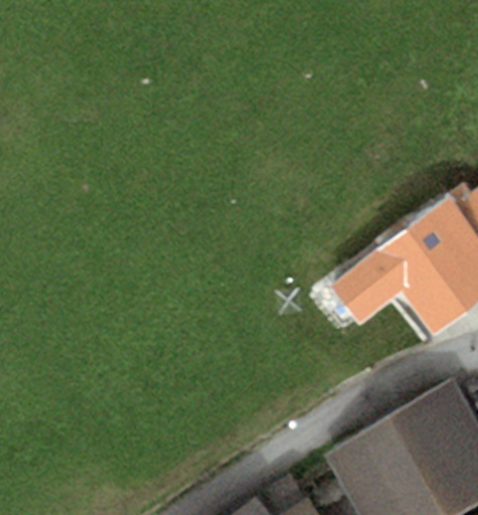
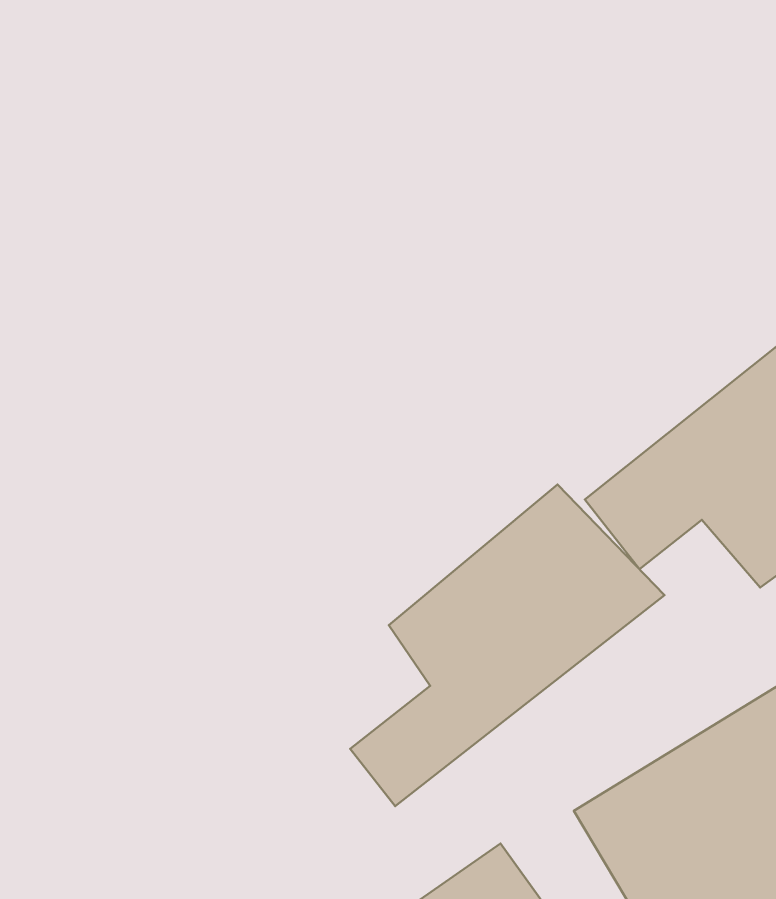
building: none -> [350,484,664,806]

